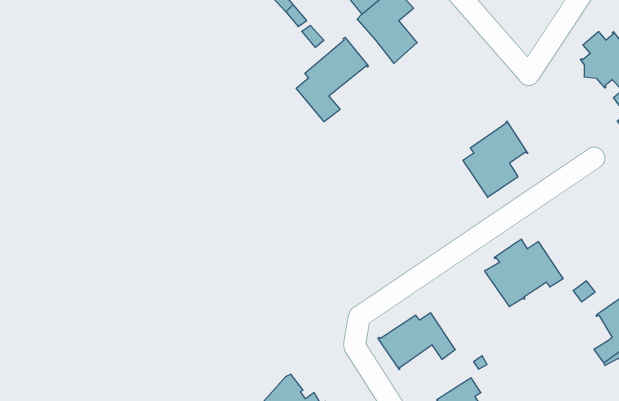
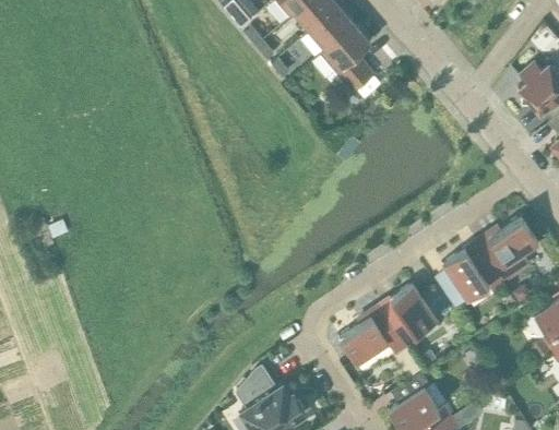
building: [296,37,368,122] -> none
building: [463,121,528,197] -> [481,216,539,284]
building: none -> [385,284,437,347]

